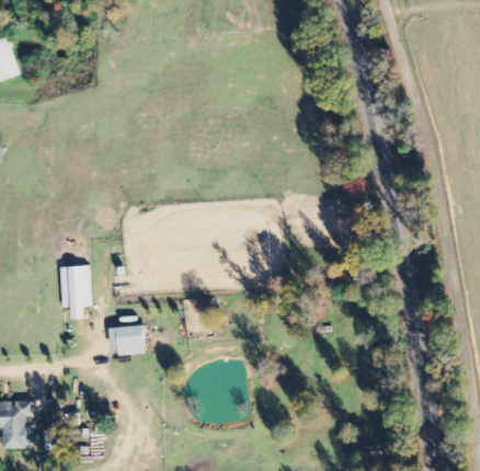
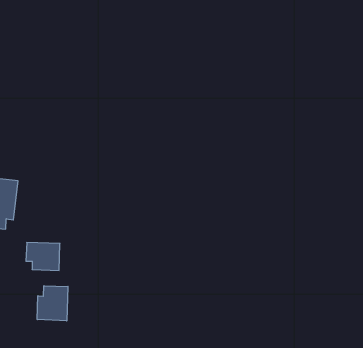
building: none -> [37,286,68,321]

